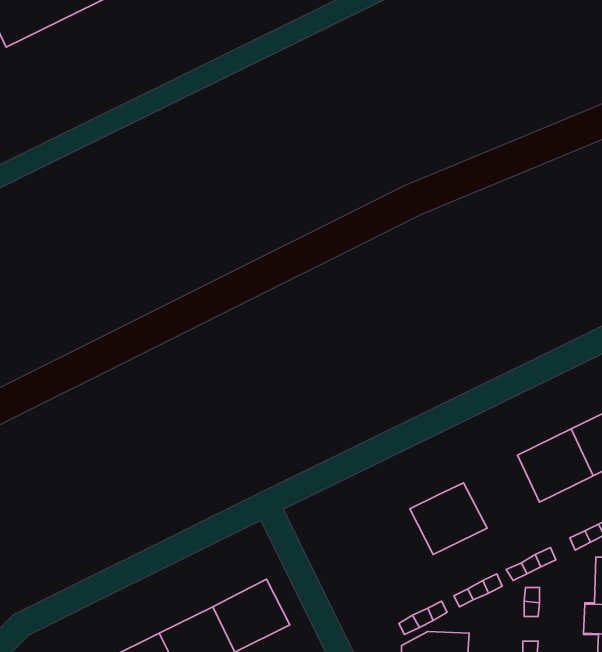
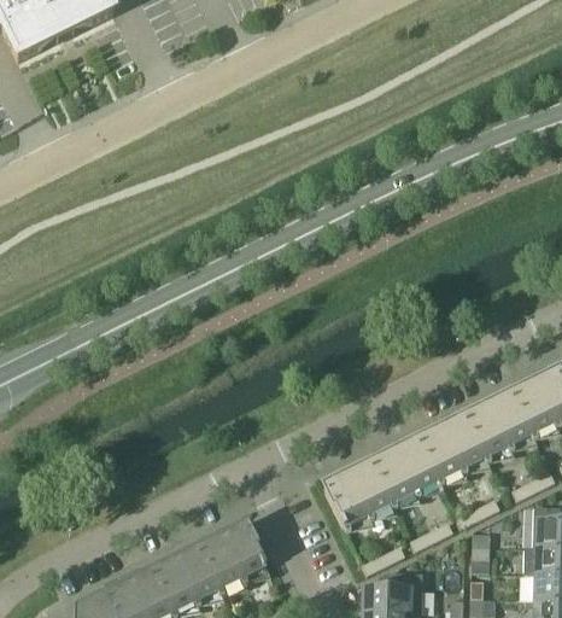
building: none -> [418,413,485,477]
building: none -> [323,460,392,524]

